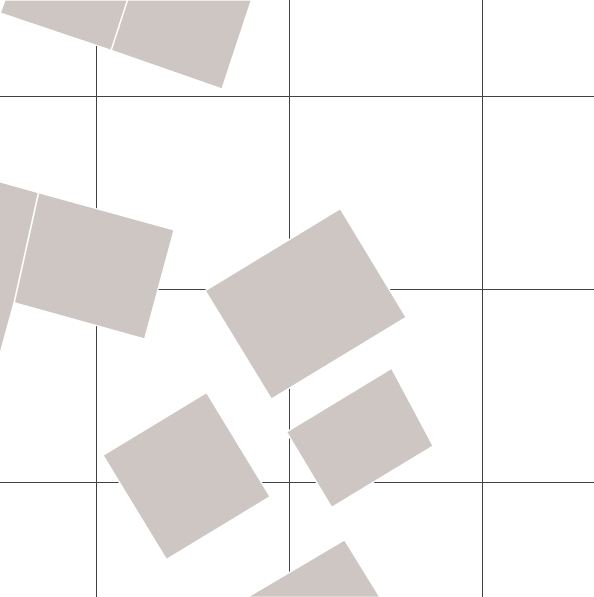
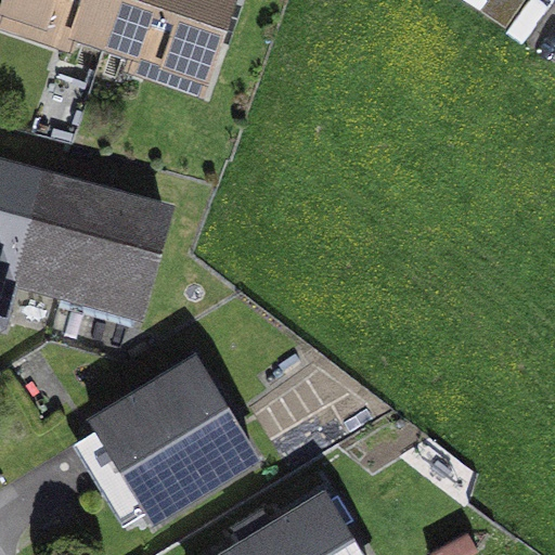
building: [205,209,406,399] -> none
building: [287,368,433,508] -> none

